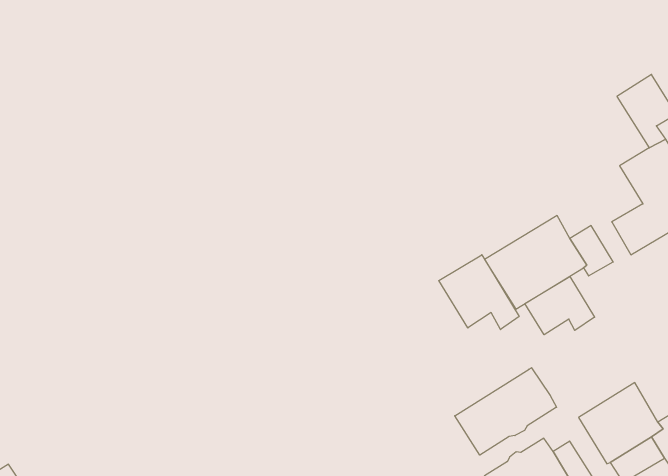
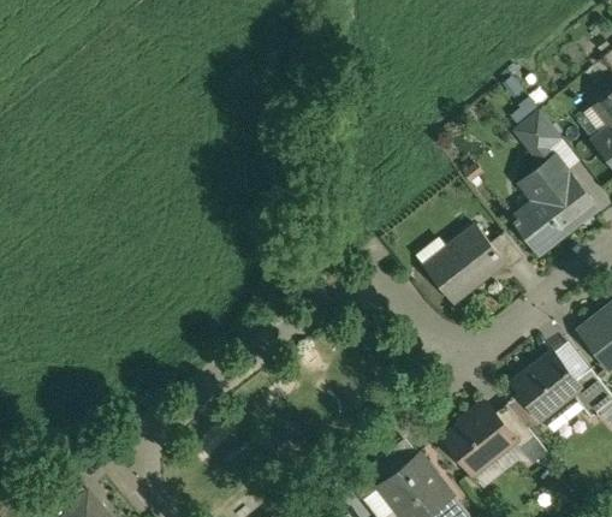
building: [439,255,519,330] -> none
building: [525,276,595,335] -> none
building: [455,368,557,455] -> none

